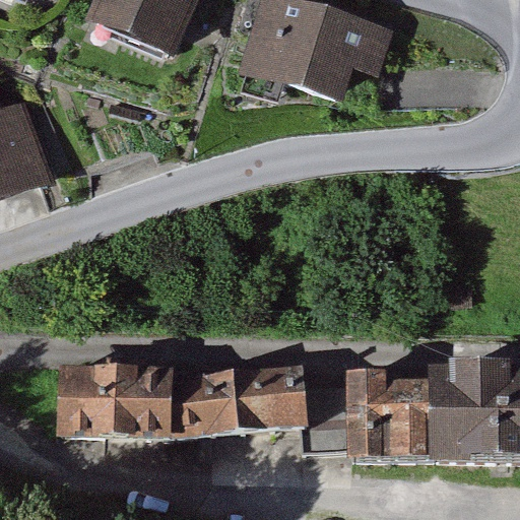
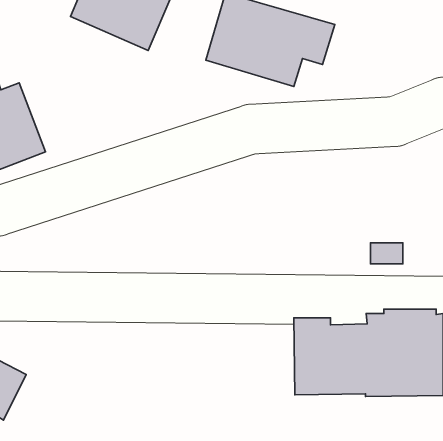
building: [55,364,306,437] -> none

